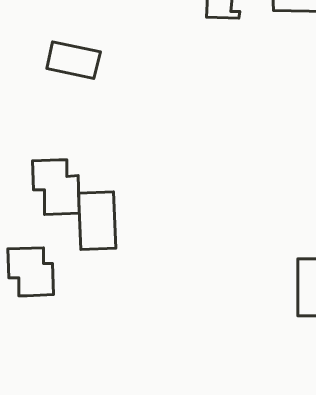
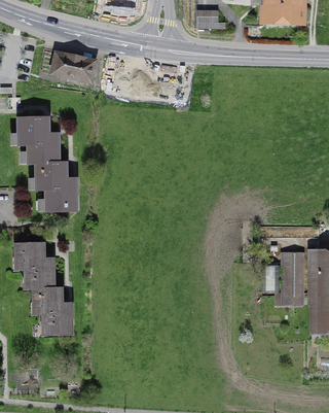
building: none -> [15,114,60,162]
building: [79,192,116,250] -> none
building: none -> [30,285,73,334]

